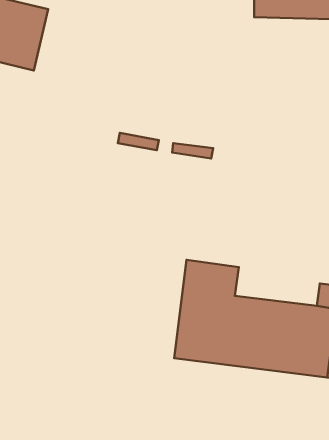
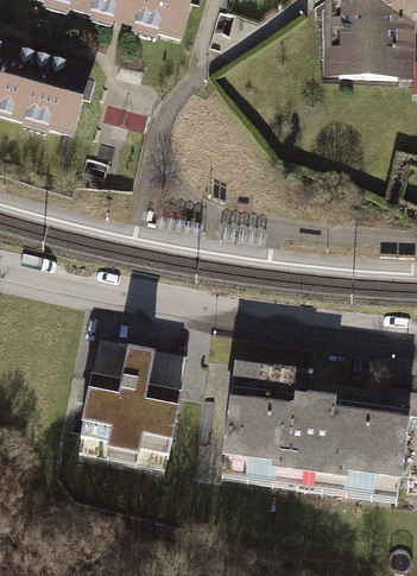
building: none -> [63,342,189,470]

